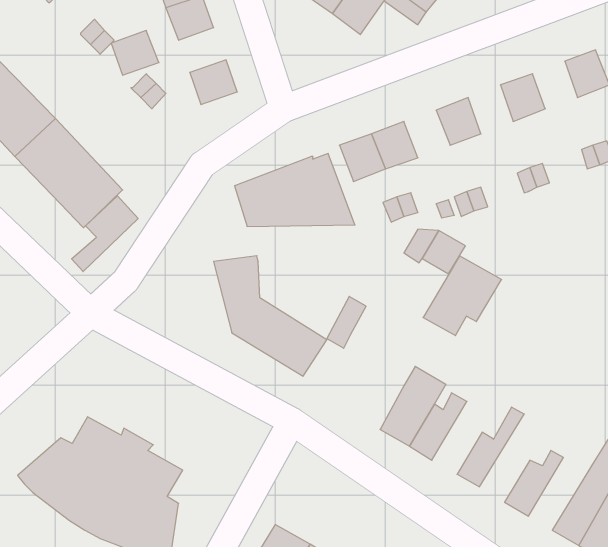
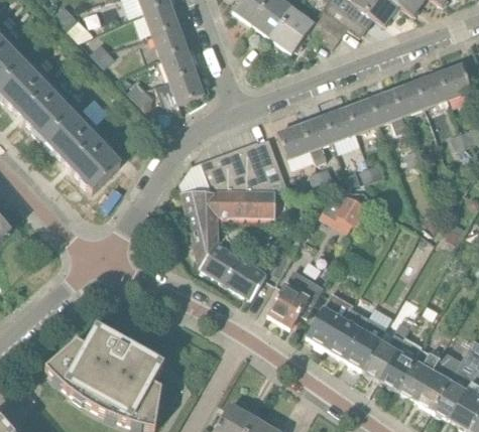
building: [111,30,159,75] -> [161,48,196,81]
building: none -> [416,73,449,107]
building: none -> [370,90,402,125]
building: none -> [324,108,357,142]
building: [72,196,138,272] -> none
building: none -> [181,190,289,218]
building: [423,256,502,336] -> [267,271,324,328]
building: none -> [344,317,381,370]
building: none -> [378,318,425,390]
building: none -> [413,349,461,410]

